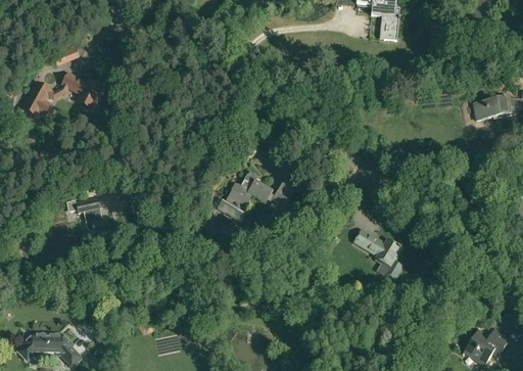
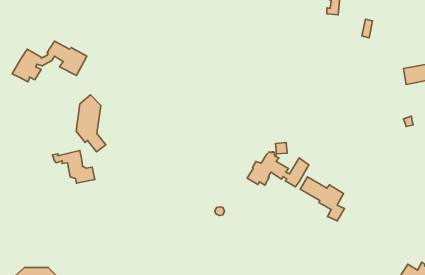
building: none -> [76,95,106,152]
building: [224,171,295,212] -> [247,152,309,187]

